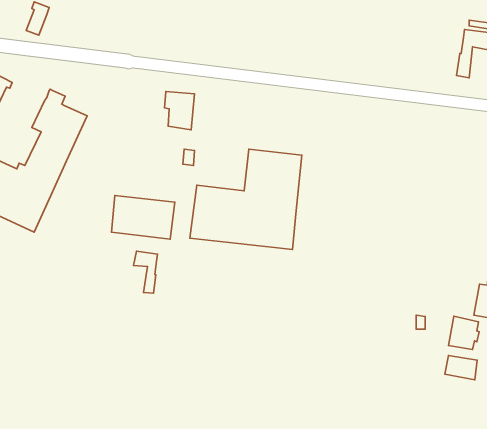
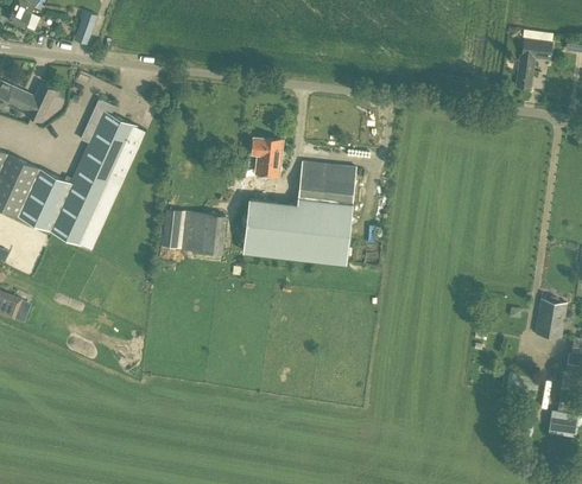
building: [165,92,195,130] -> [251,138,281,177]
building: [133,251,157,293] -> none
building: [448,316,479,350] -> none

